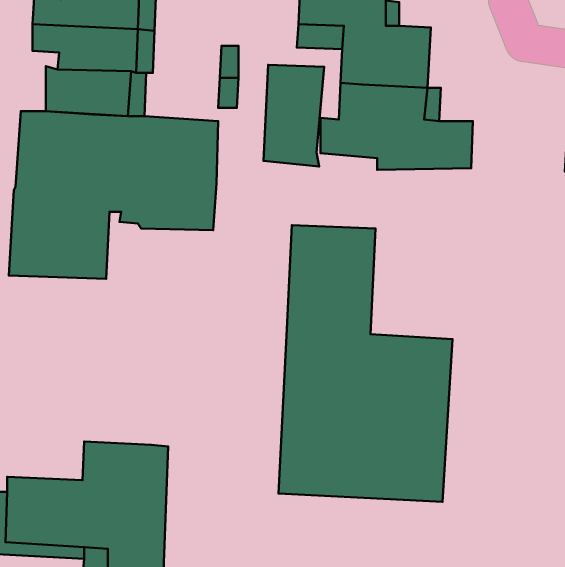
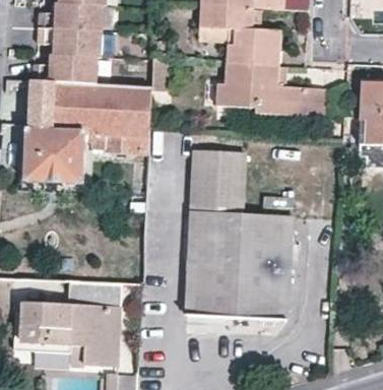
building: [263,65,324,167] -> none

